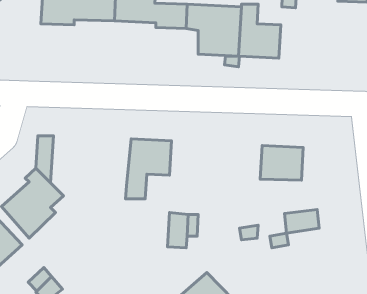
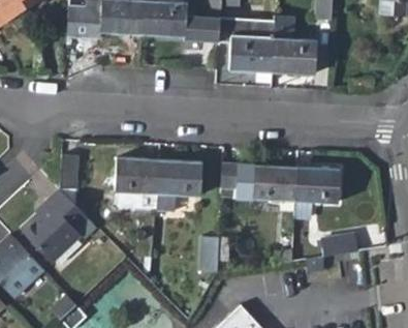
building: none -> [117,156,159,208]
building: none -> [222,161,296,201]

